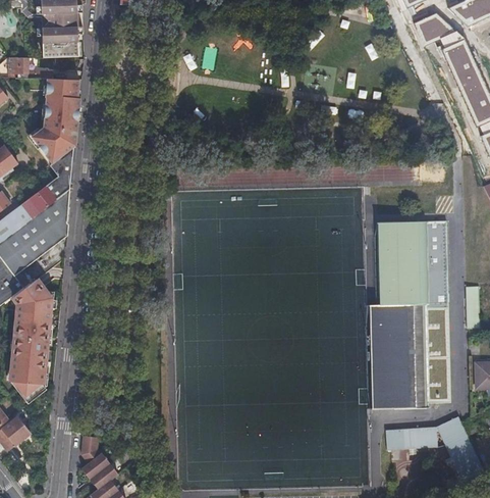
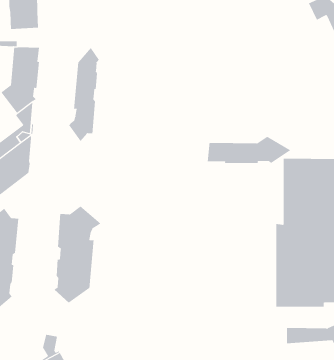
building: none -> [69,47,99,142]
building: none -> [207,136,291,164]
building: none -> [53,206,102,303]

